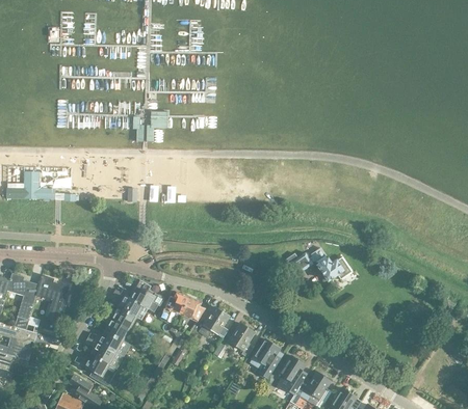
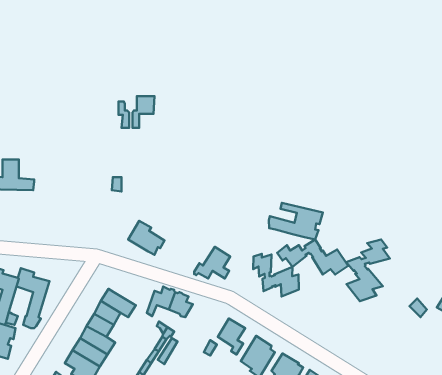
building: none -> [269,203,323,240]
building: none -> [346,239,390,301]
building: none -> [253,254,299,296]
building: [128,278,162,310] -> [128,221,164,255]
building: [192,305,227,335] -> [194,247,230,278]

